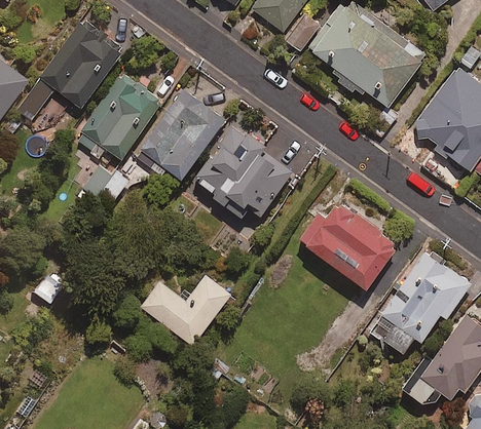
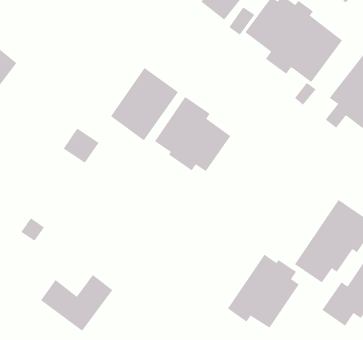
building: [18,20,124,117] -> none
building: [72,71,164,161] -> none
building: [299,203,399,289] -> none
building: [140,275,230,346] -> [40,274,113,332]
building: none -> [227,254,299,328]

